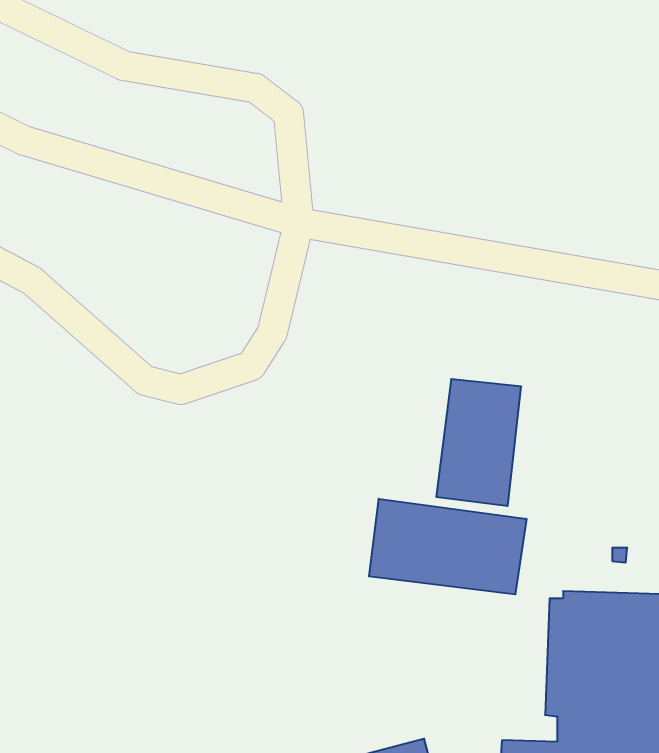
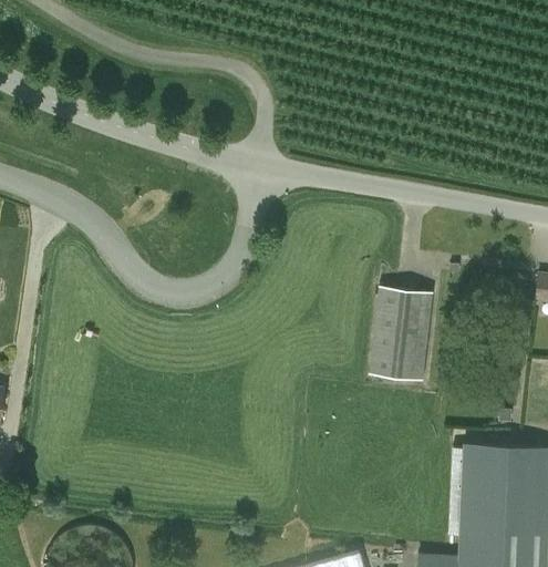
building: [369,499,526,594] -> none

